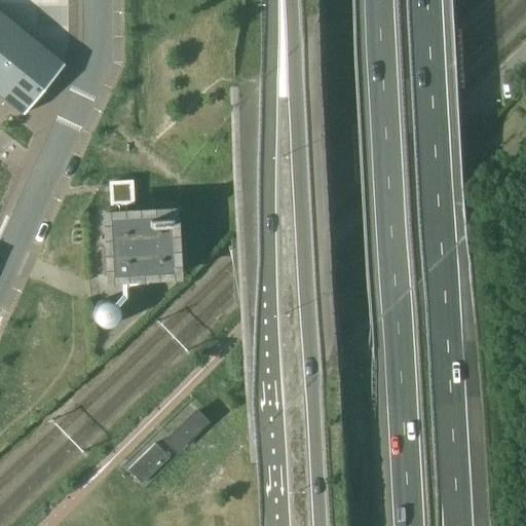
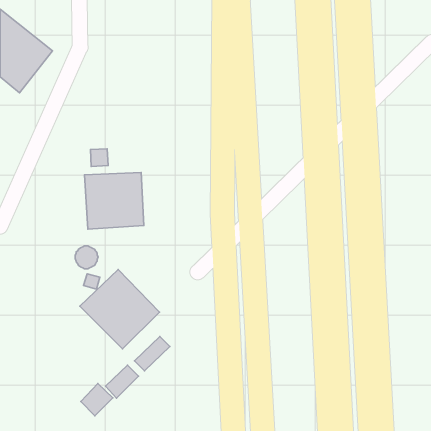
building: none -> [80,269,159,349]
building: none -> [81,383,113,416]

